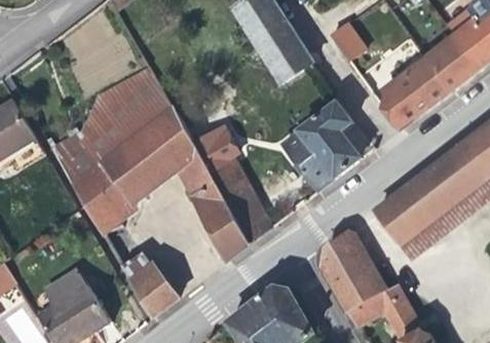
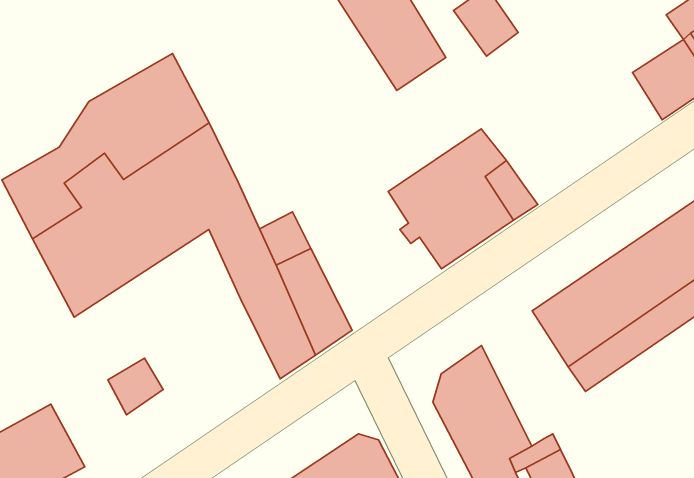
building: [380,62,449,126] -> none
building: [193,125,236,168] -> none
building: [133,267,177,315] -> none

